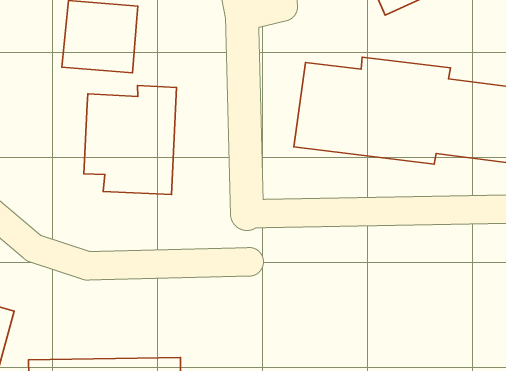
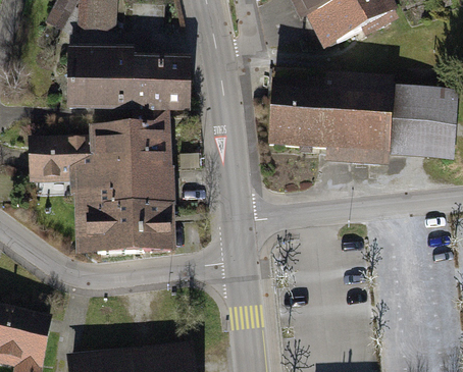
building: none -> [130,60,188,107]
building: none -> [30,136,172,254]

